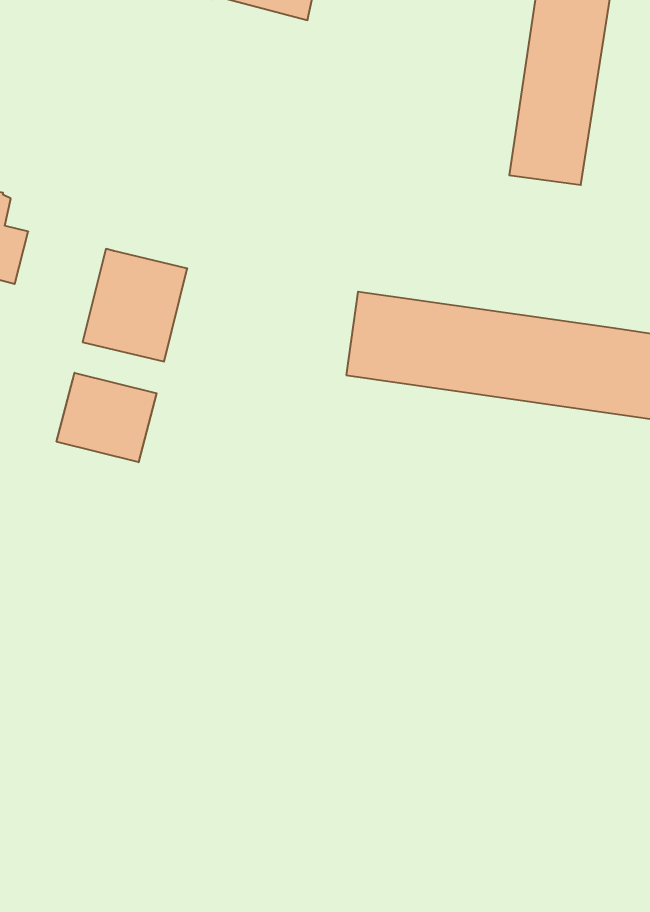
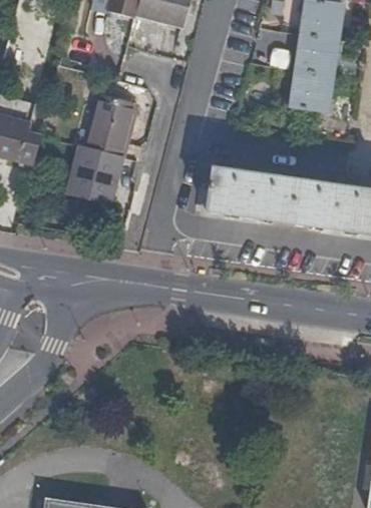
building: none -> [85,92,136,155]
building: [57,373,157,462] -> none

